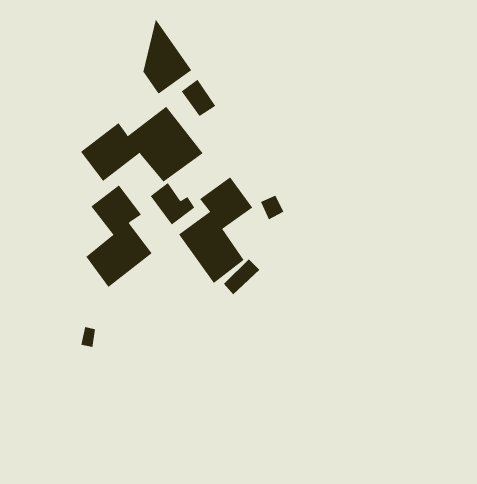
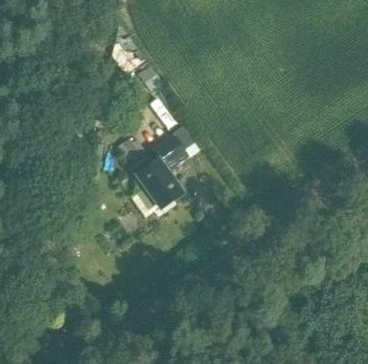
building: [80,106,203,183] -> none
building: [86,185,153,288] -> none

